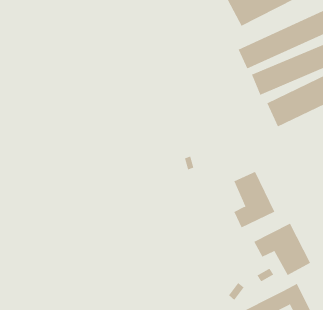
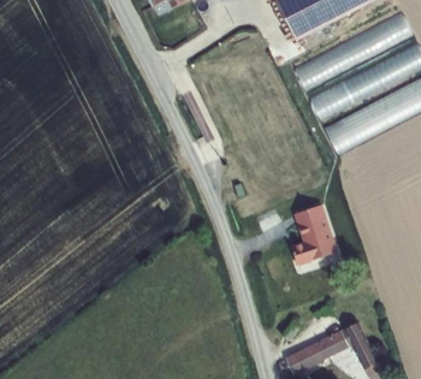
building: [254,223,311,276] -> none

